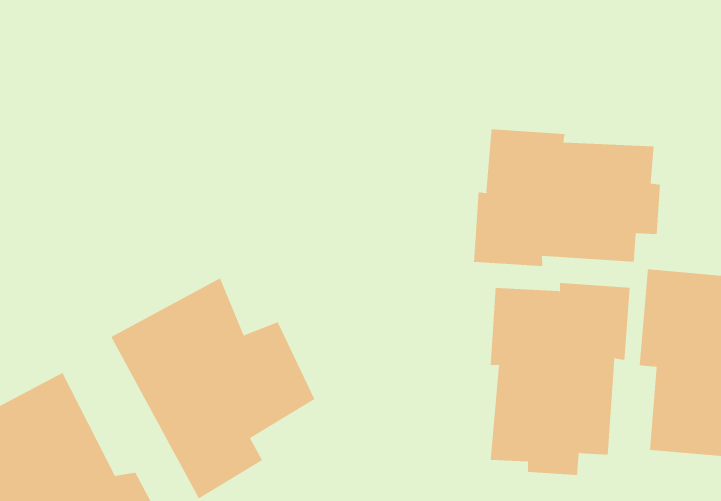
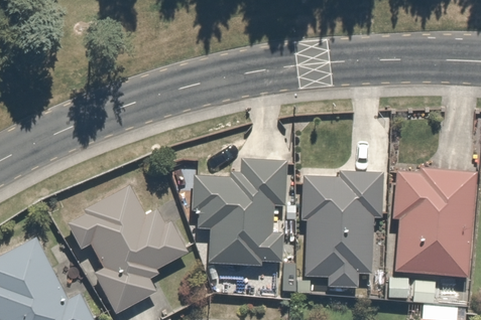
building: [474,128,661,267] -> none
building: none -> [193,162,286,275]

